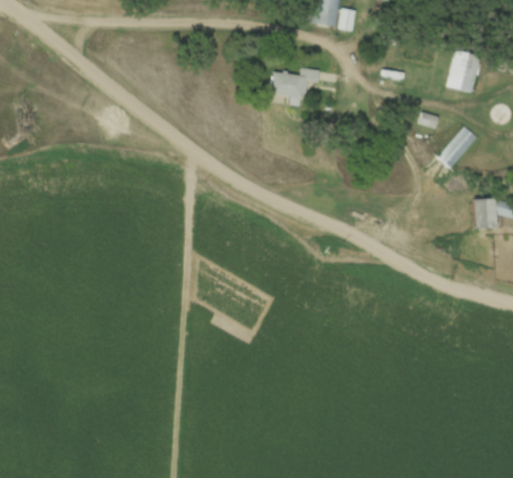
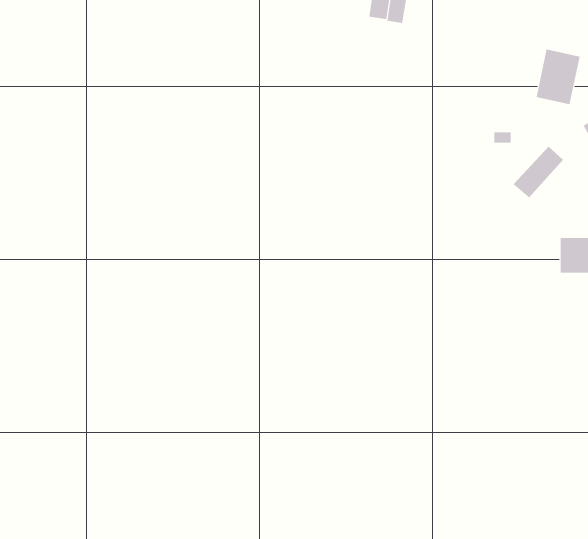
building: [267,68,316,105] -> none

